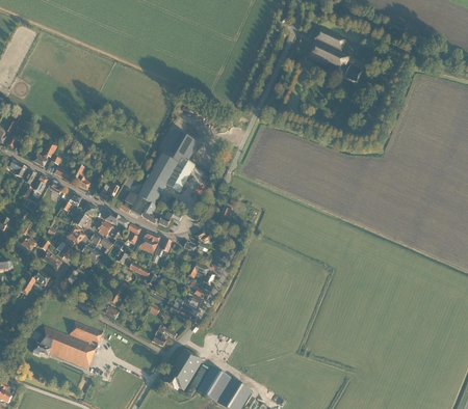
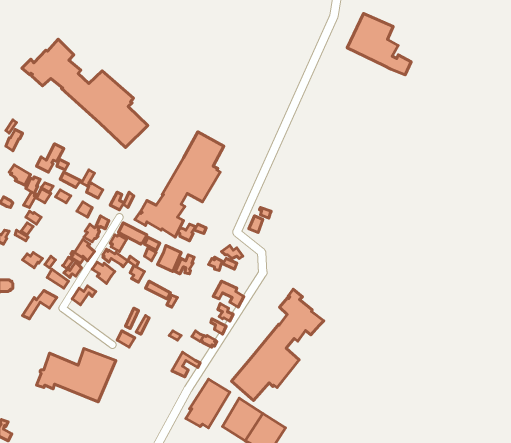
building: none -> [22,39,148,147]
building: none -> [231,289,324,401]

